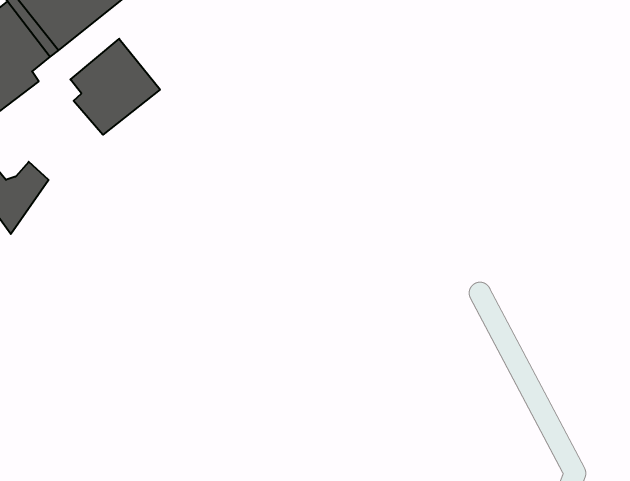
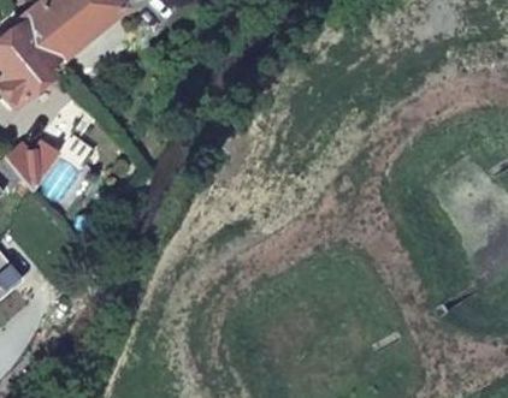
building: [70,39,160,135] -> none

